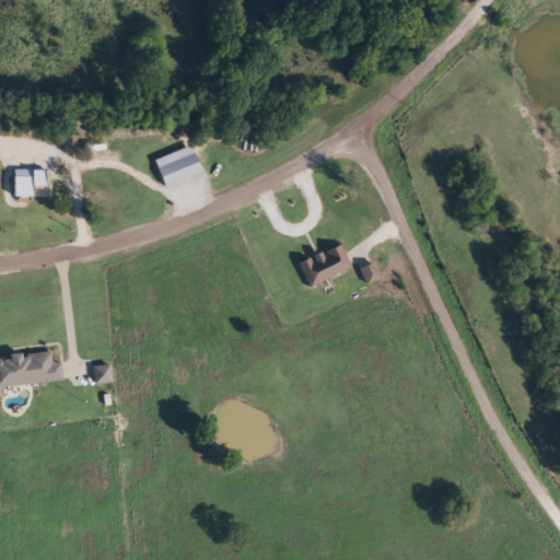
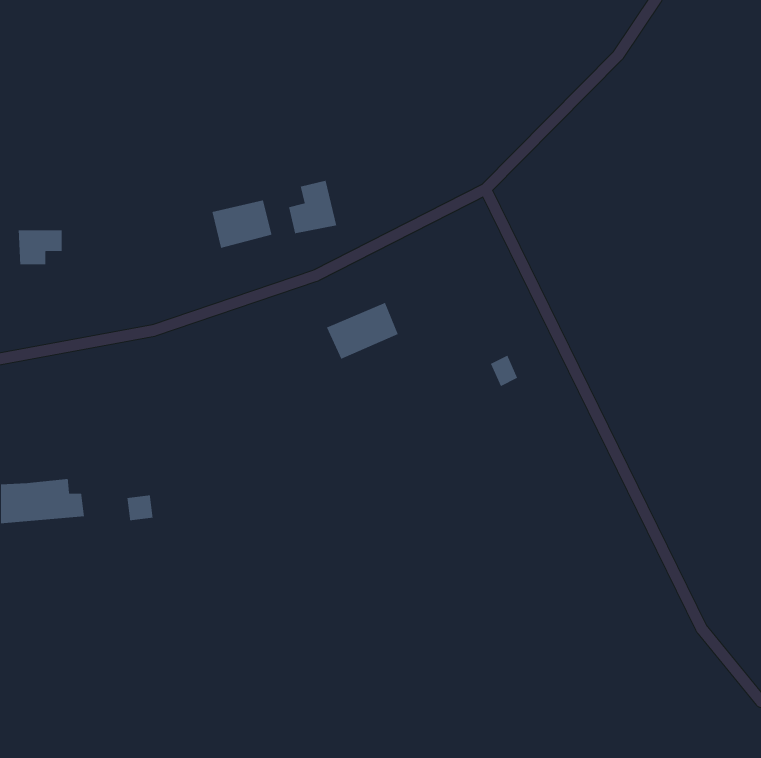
building: none -> [288,180,337,234]
building: [298,243,351,285] -> [326,302,399,360]

